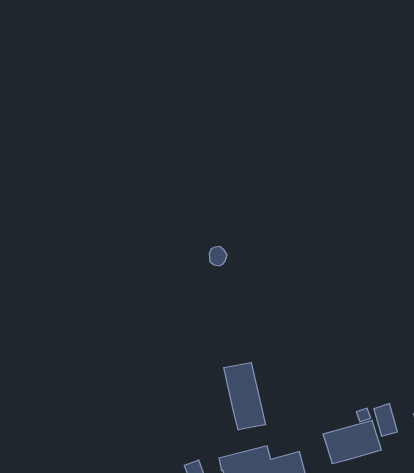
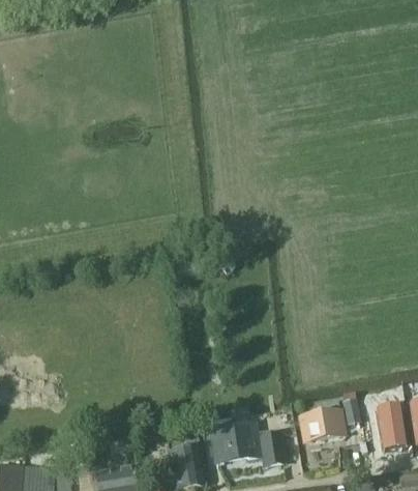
building: [224,362,266,430] -> none

